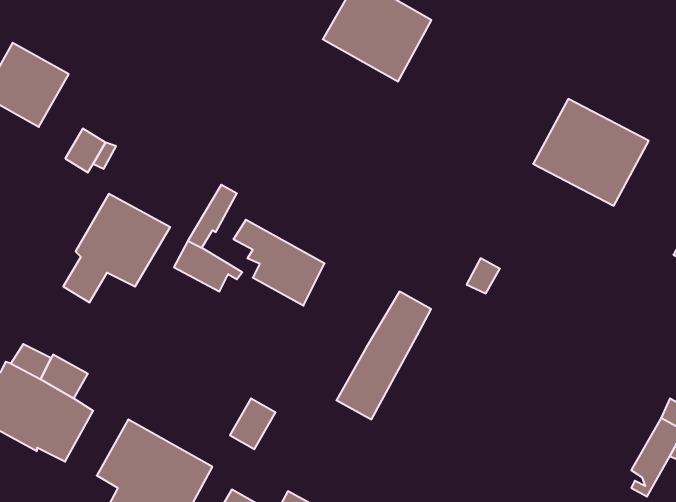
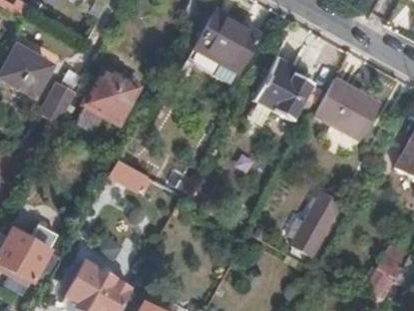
building: none -> [253,57,311,122]
building: [63,194,170,302] -> [76,66,137,128]
building: [336,292,431,419] -> [287,192,341,265]

